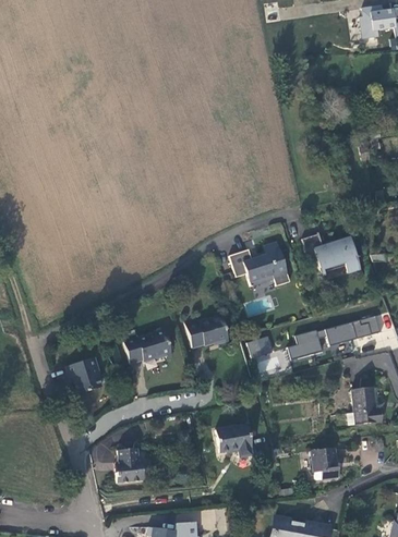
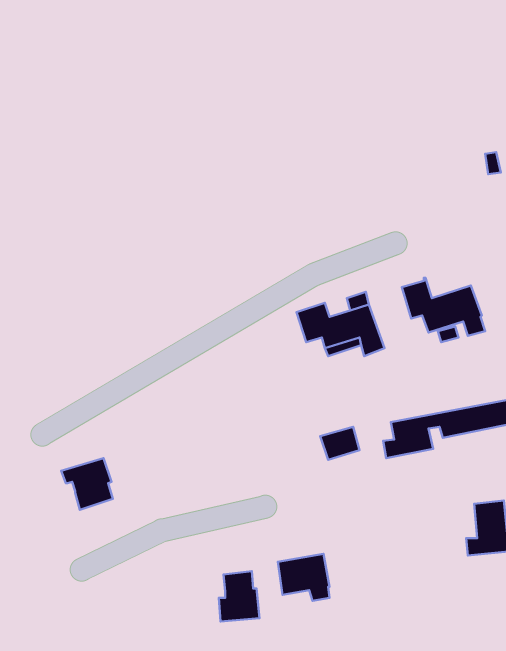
building: [184,315,230,347] -> none
building: [123,329,172,363] -> none
building: [116,448,144,483] -> [219,571,260,621]
building: [310,448,339,480] -> none

